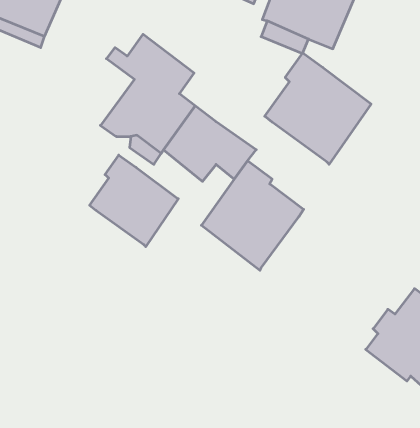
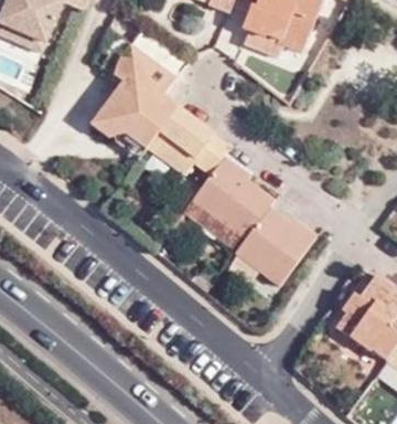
building: [265,53,371,164] -> none
building: [90,155,178,247] -> none
building: none -> [237,206,319,287]

